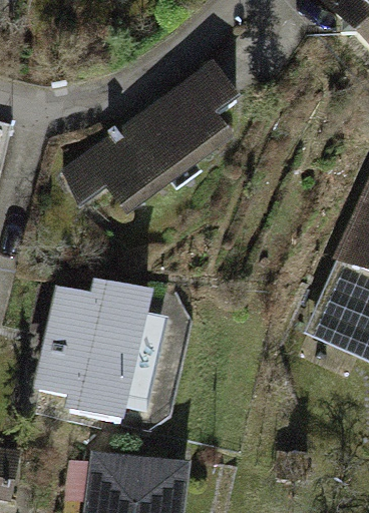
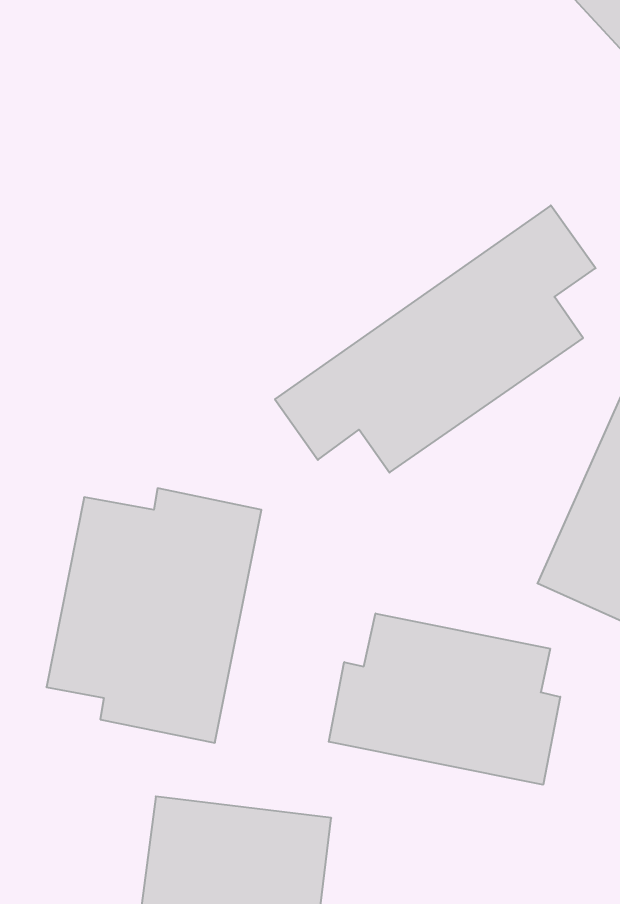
building: [59,62,239,211] -> [275,205,596,473]
building: none -> [329,613,560,785]

